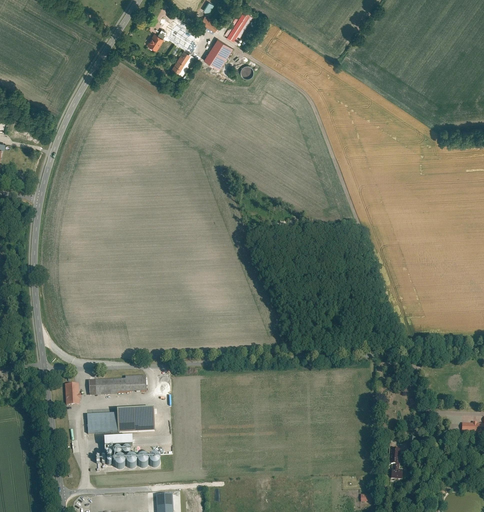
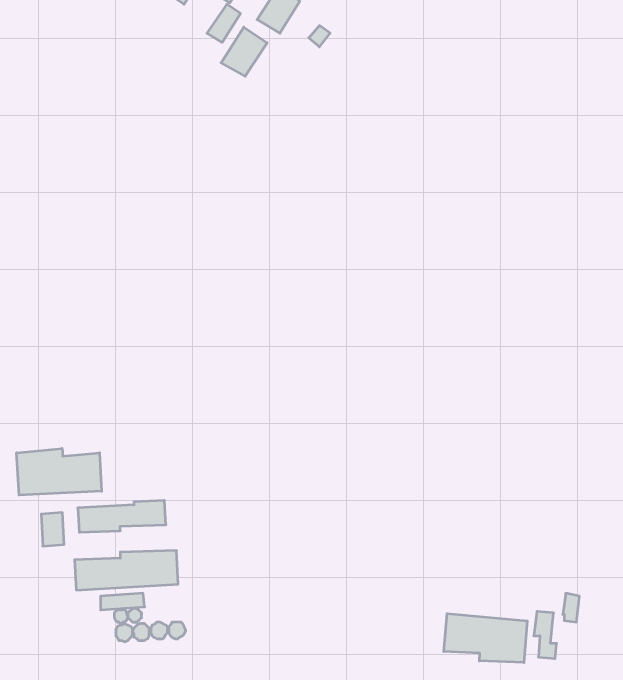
building: none -> [221,27,267,76]
building: none -> [17,448,102,495]
building: none -> [444,614,527,663]

